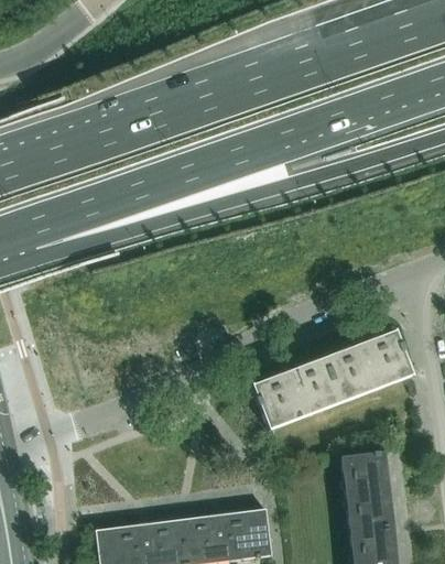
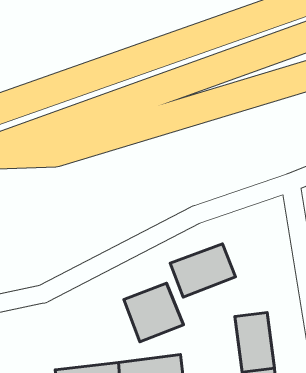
building: [324,330,413,403] -> none
building: none -> [124,283,183,342]

